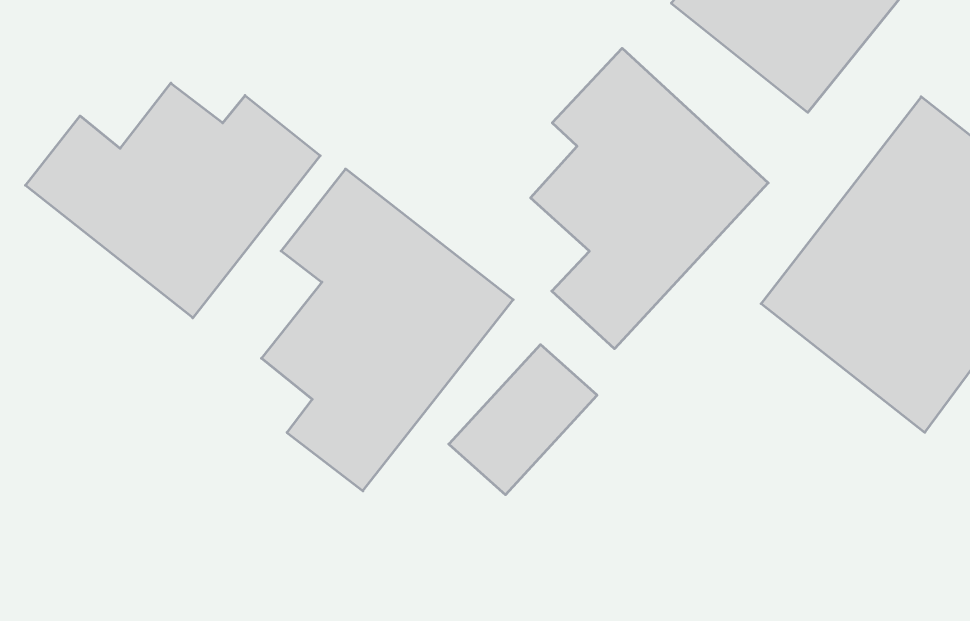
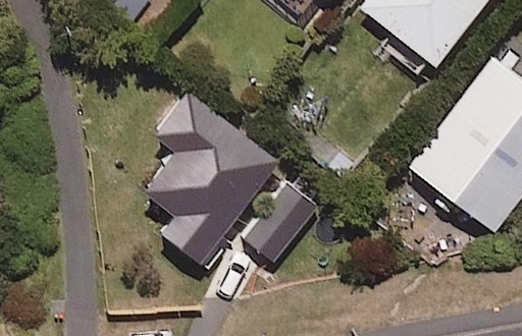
building: [531,48,768,349] -> none
building: [25,83,320,318] -> none

